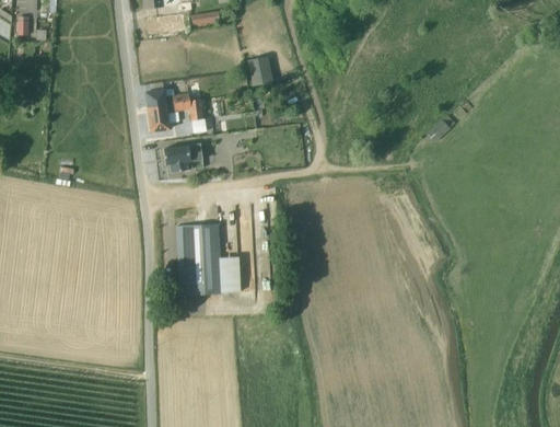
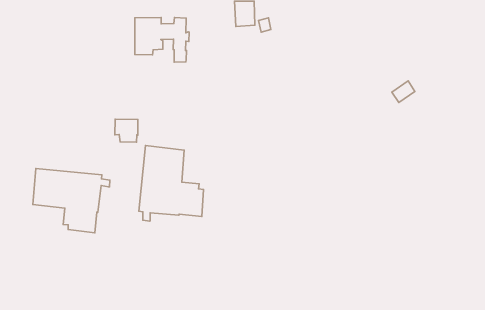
building: [164,145,190,171] -> [115,119,138,142]
building: none -> [33,168,110,233]

